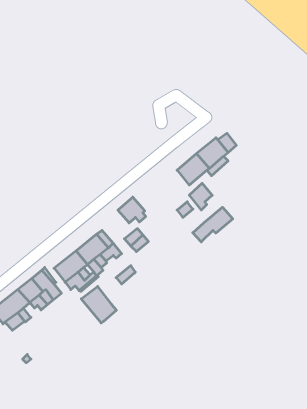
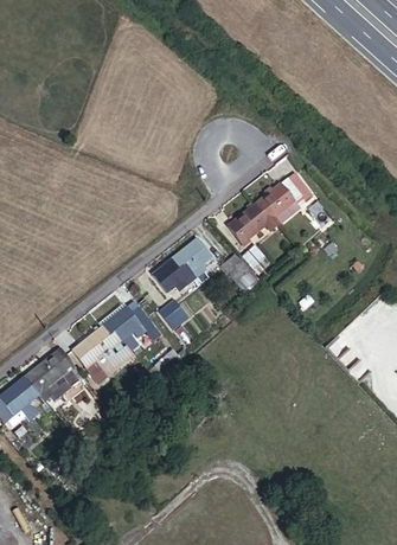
building: none -> [171,238,214,277]
building: [193,207,233,242] -> none
building: [81,286,116,323] -> none

